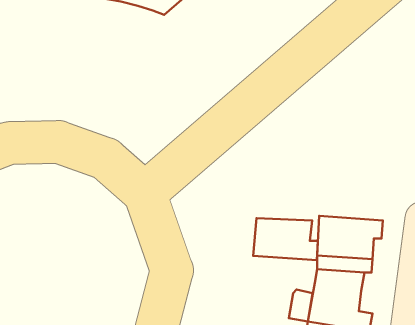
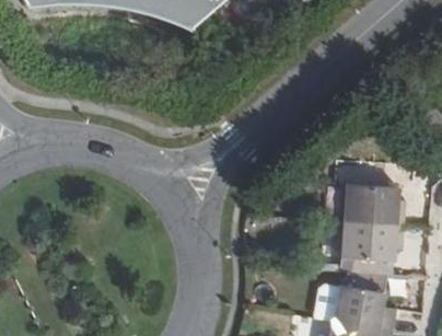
building: [253,218,318,260] -> [344,183,406,223]

